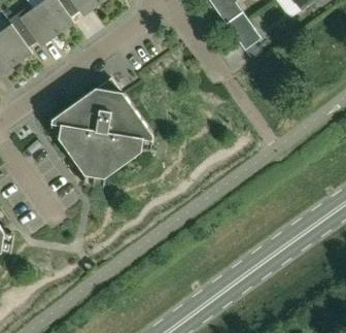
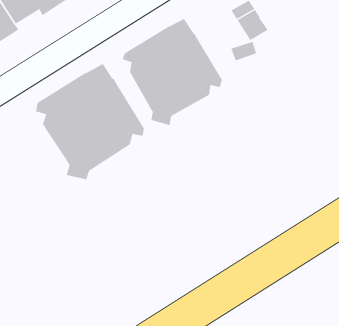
building: none -> [122,18,222,126]

